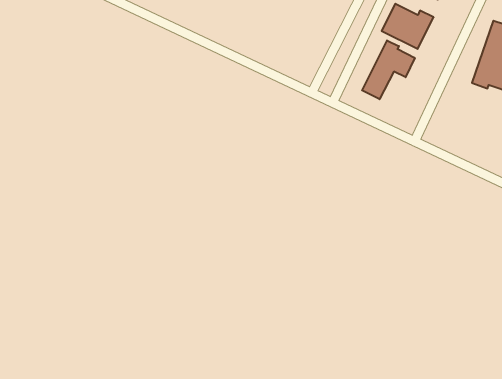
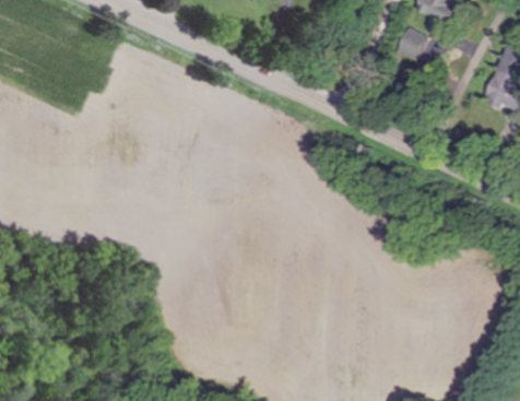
building: [362,40,415,99] -> none

